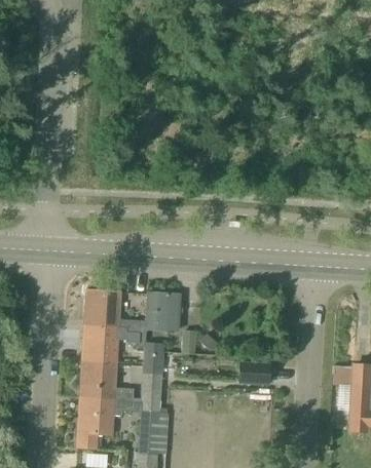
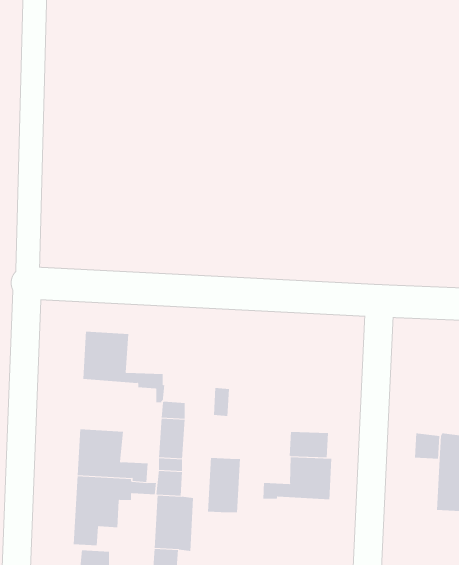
building: [146,293,180,332] -> none
building: [83,325,126,364] -> none
building: none -> [263,456,332,500]
building: none -> [207,457,241,513]

